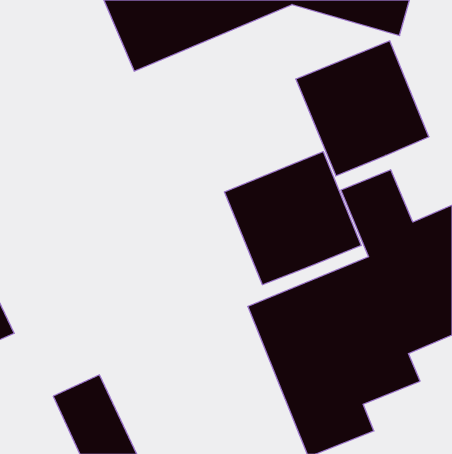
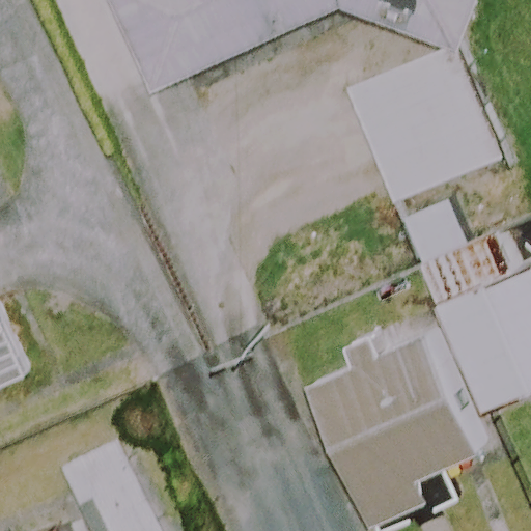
building: [225,152,361,285] -> none

